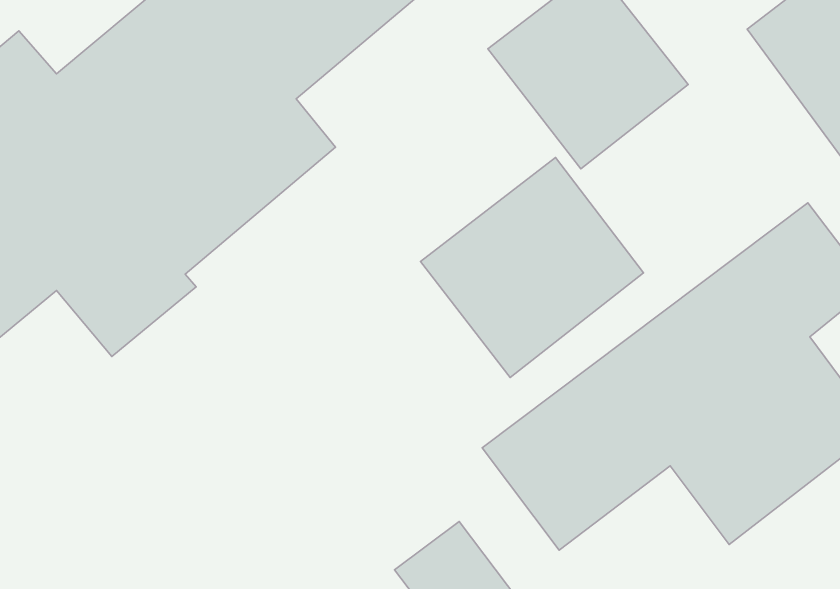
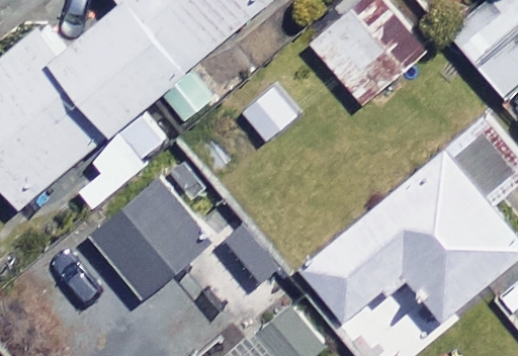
building: [420,157,643,377] -> none
building: none -> [86,178,211,302]

